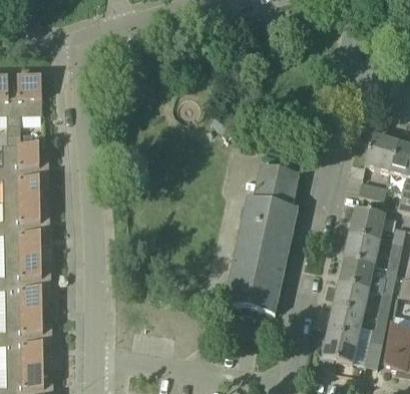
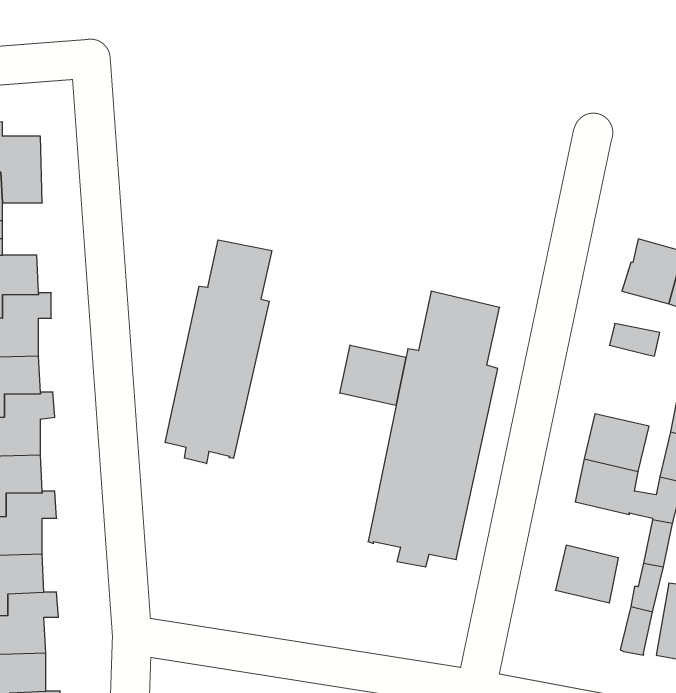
building: none -> [165,240,272,464]
building: none -> [340,345,406,405]
building: [350,209,385,239] -> none
building: [334,281,369,312] -> none
building: [323,330,358,361] -> none

